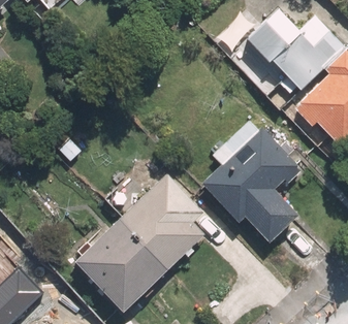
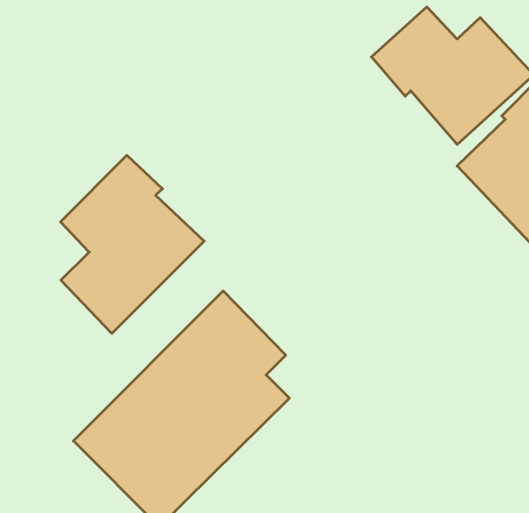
building: none -> [61,155,204,333]
building: [202,127,299,239] -> none

